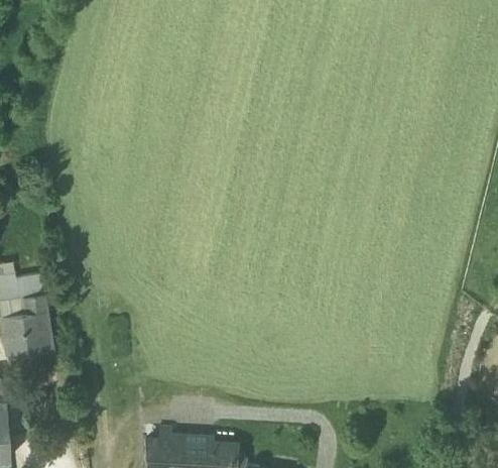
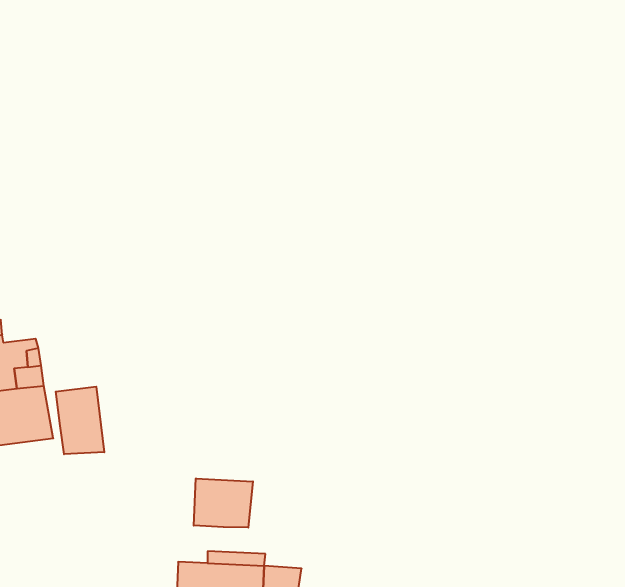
building: none -> [56,387,104,454]
building: none -> [194,478,253,528]

